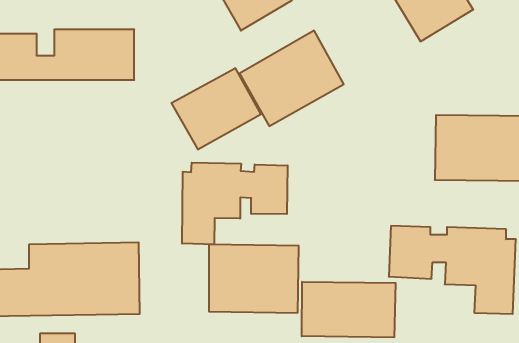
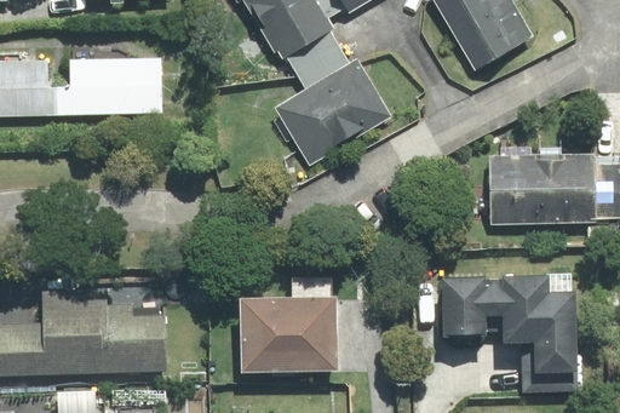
building: [172,68,261,150] -> none
building: [182,163,288,244] -> none
building: [302,282,396,337] -> none

